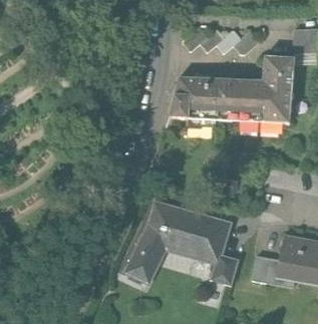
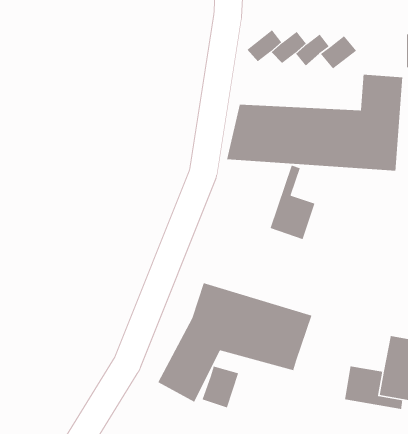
building: none -> [270,164,316,240]
building: [211,257,237,287] -> [202,366,239,409]

